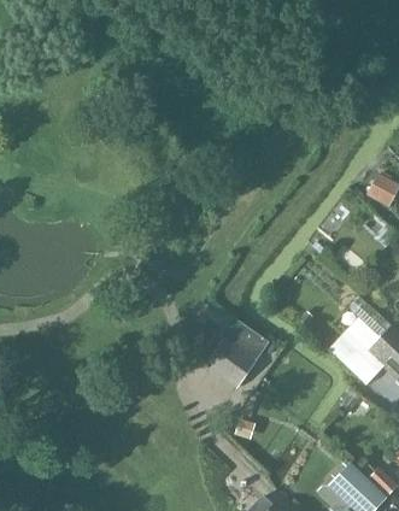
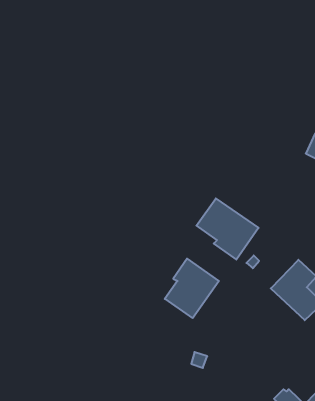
building: none -> [196,198,259,260]

